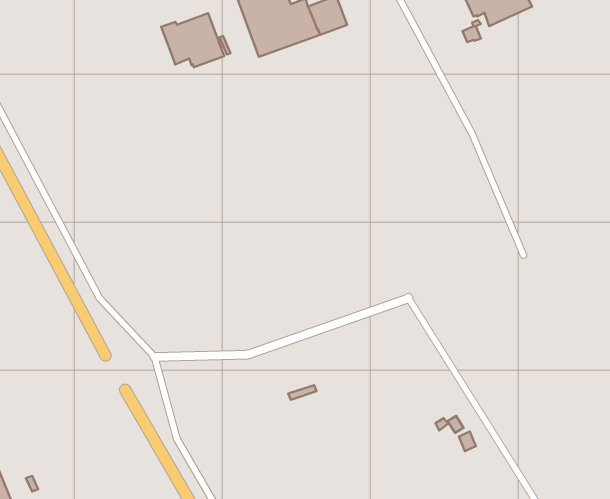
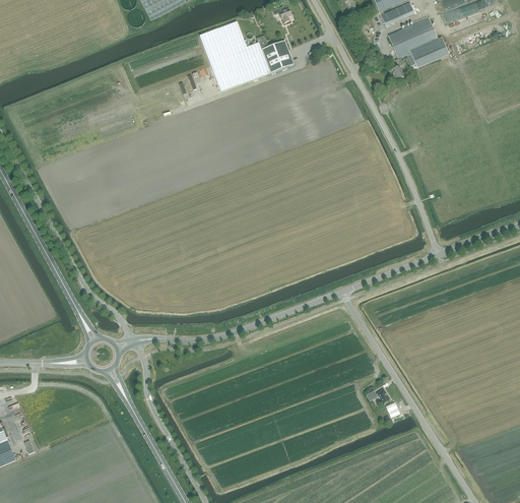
building: [161,13,224,67] -> none

